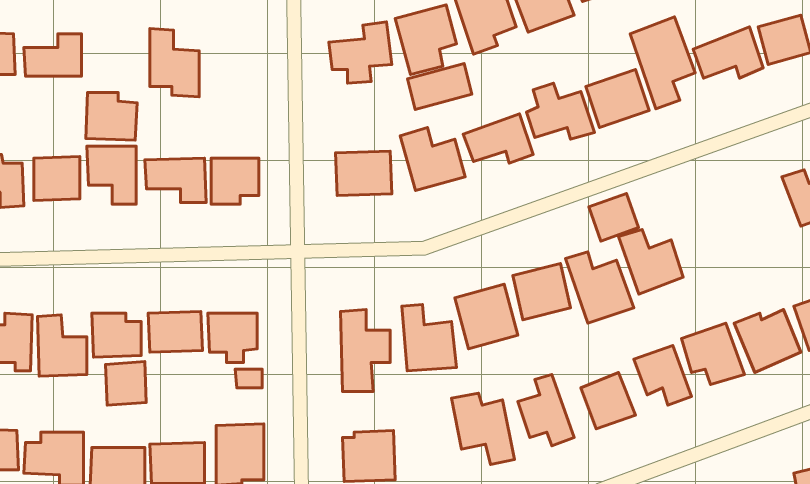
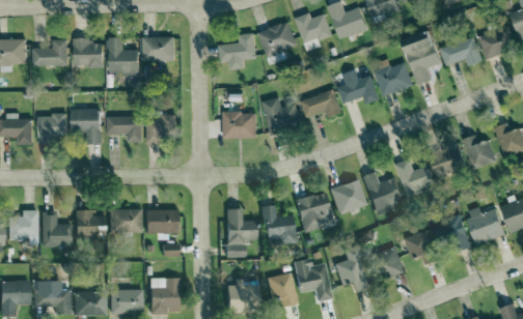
building: none -> [142,36,175,60]
building: [408,64,472,109] -> none
building: [86,93,137,140] -> [73,37,104,66]
building: none -> [463,134,496,169]
building: [589,193,638,241] -> [432,150,462,179]
building: [106,362,146,405] -> none
building: none -> [266,272,297,307]

